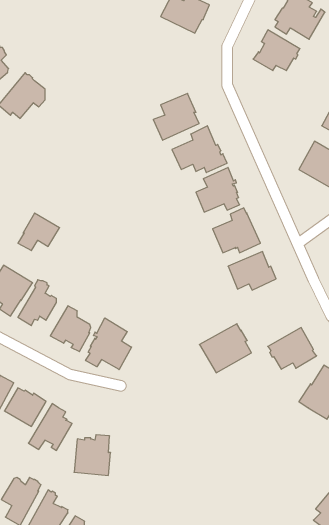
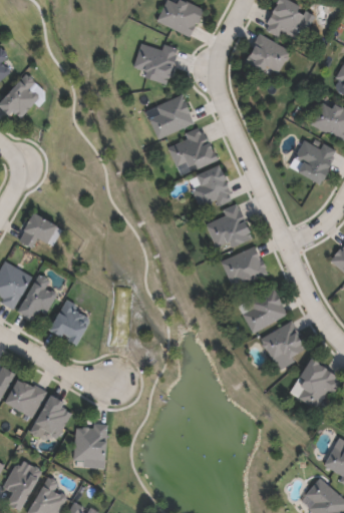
building: none -> [132,43,177,85]
building: [86,318,132,370] -> none
building: [199,324,251,373] -> [237,286,287,333]

